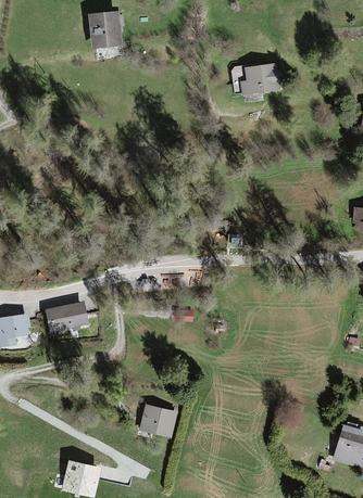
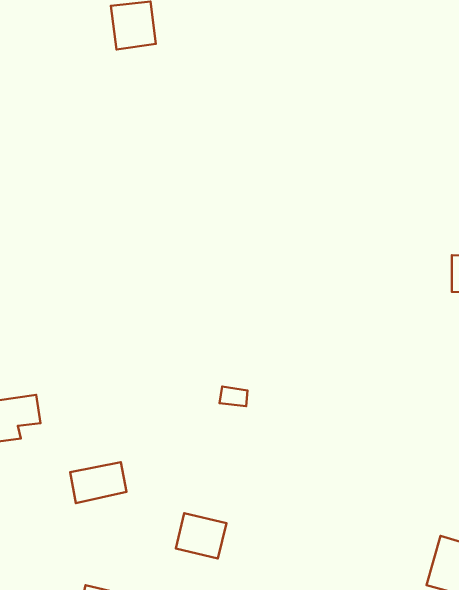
building: [240,63,280,94] -> none
building: [46,302,89,333] -> [70,462,126,503]

